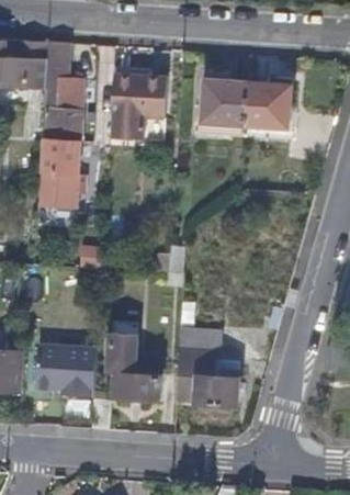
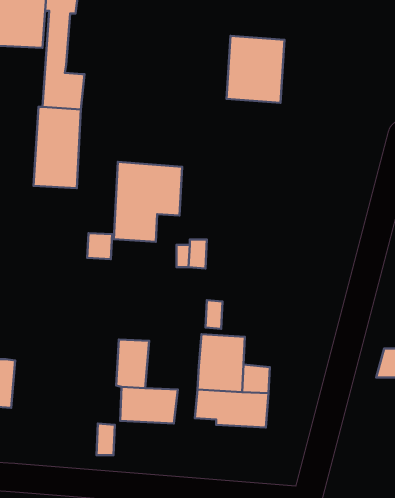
building: [110,72,167,139] -> [114,162,182,242]
building: [246,82,291,138] -> none
building: [35,344,97,396] -> none

